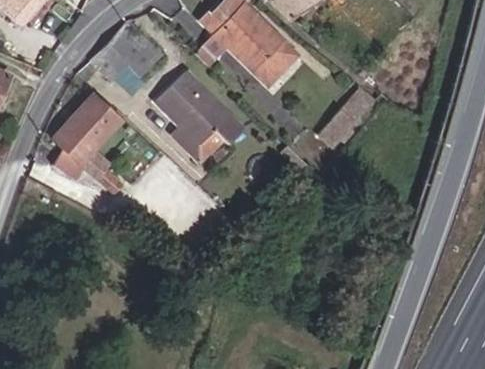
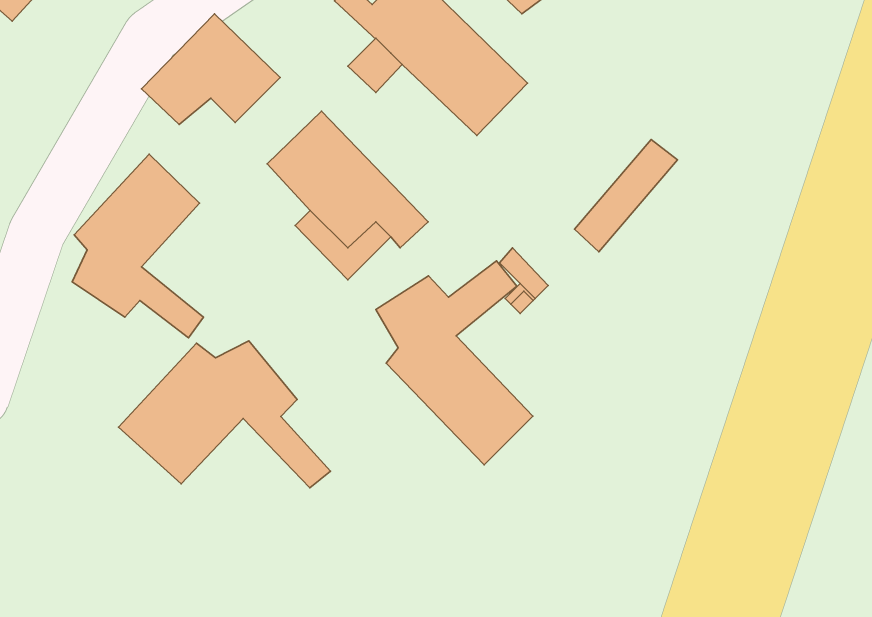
building: none -> [376,261,533,465]
building: none -> [118,341,331,488]

